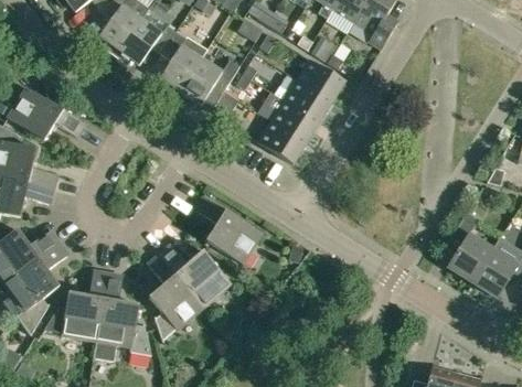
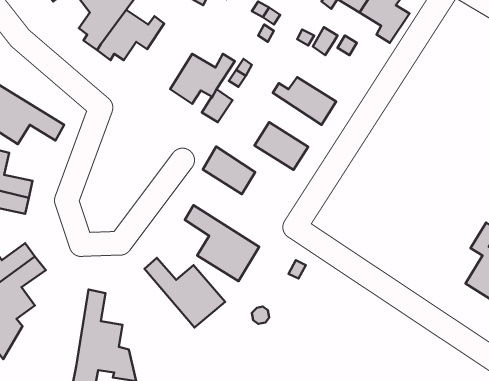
building: [161,31,207,90] -> none
building: [297,58,345,101] -> none
building: [271,99,319,142] -> [203,146,255,194]
building: [148,252,204,340] -> none
building: [44,269,108,341] -> none

